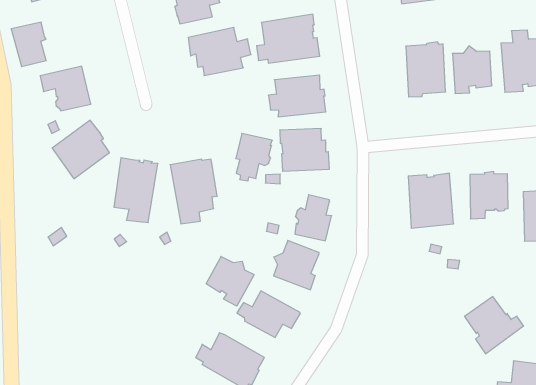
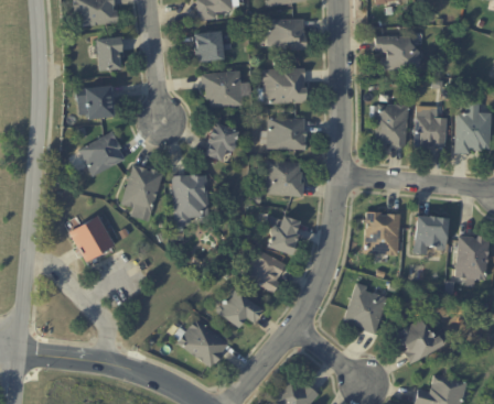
building: [11,22,46,67] -> [96,36,124,70]
building: [236,133,272,181] -> [207,122,240,162]
building: none -> [69,215,114,260]
building: [206,256,254,306] -> none
building: none -> [344,282,388,335]

